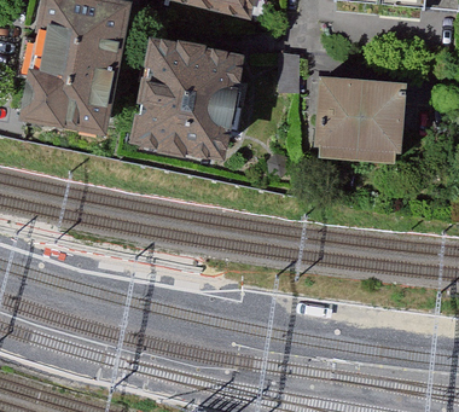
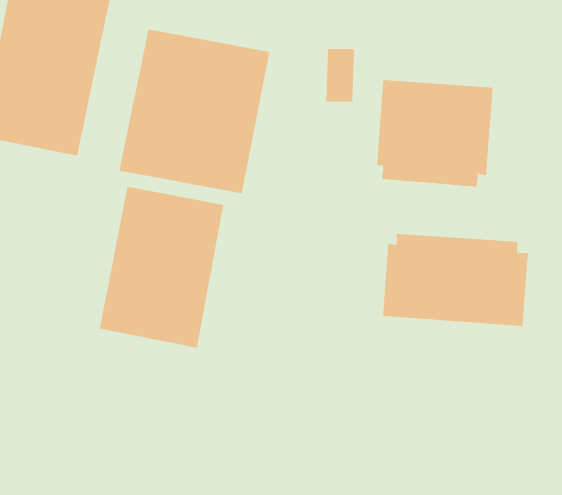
building: none -> [99,186,224,348]
building: none -> [383,233,528,327]

